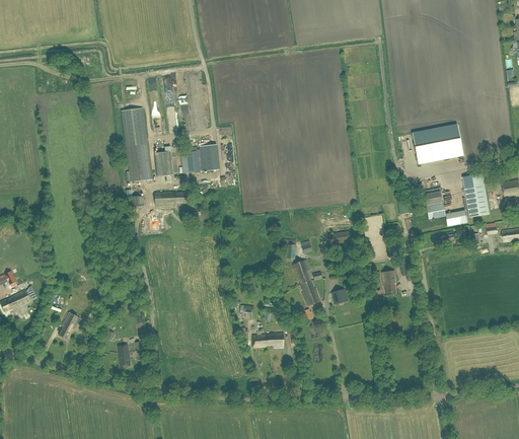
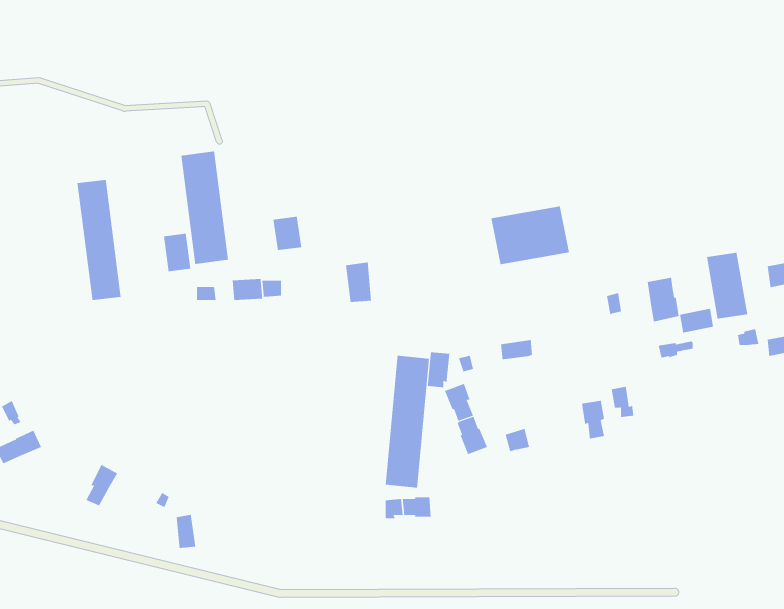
building: [412,125,463,163] -> [490,206,570,265]
building: none -> [77,179,121,301]
building: [199,144,216,170] -> [345,262,372,302]
building: [154,150,172,175] -> [163,233,191,272]
building: none -> [385,355,429,488]

